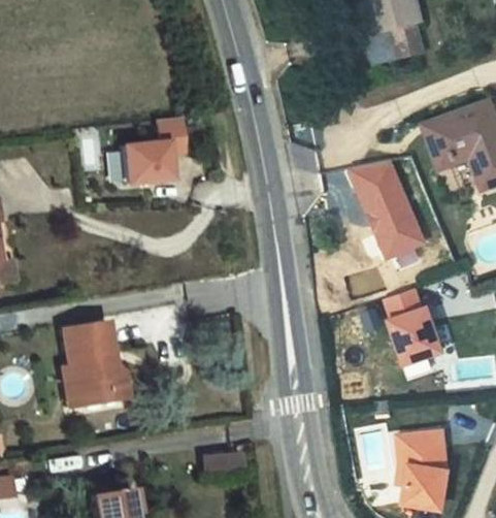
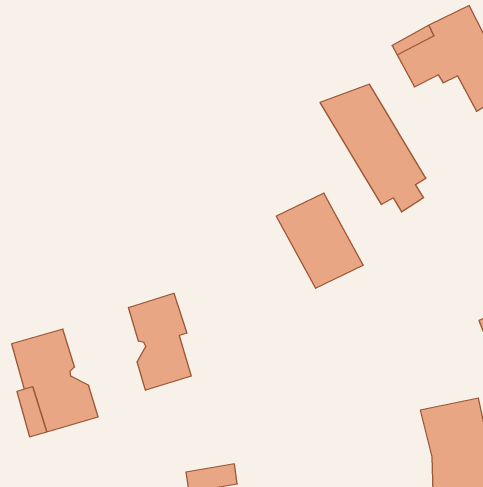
building: [127,124,188,187] -> none
building: [374,287,439,363] -> [276,193,363,288]
building: none -> [129,293,191,390]

